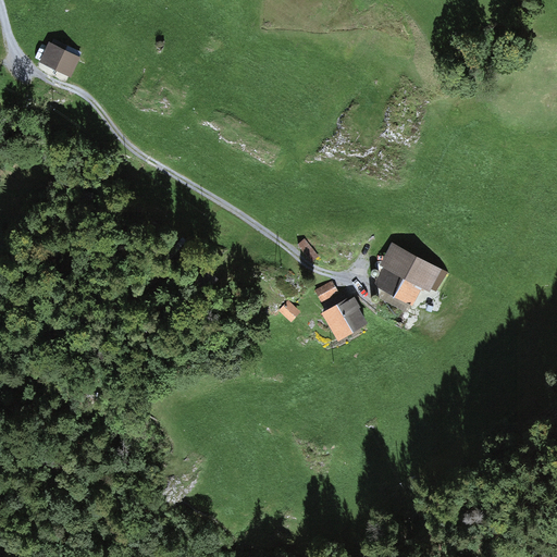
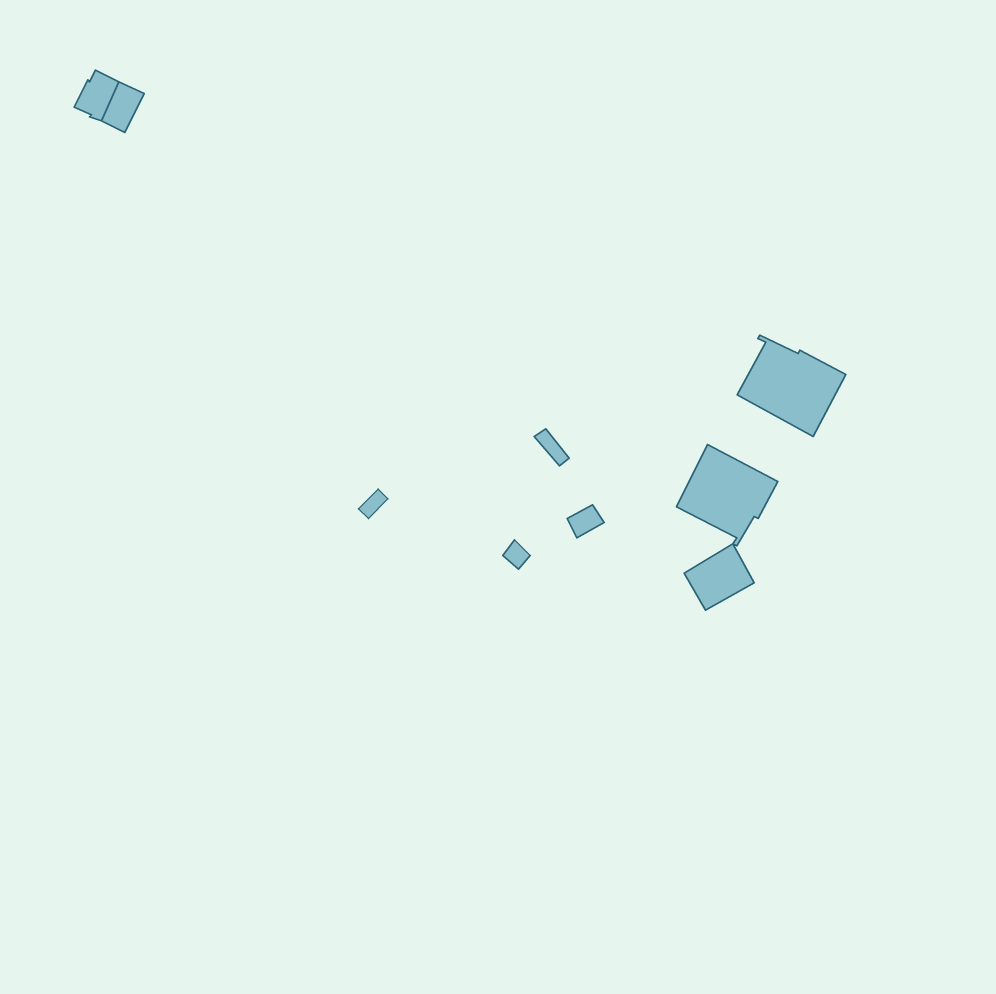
building: none -> [737,335,846,437]
building: [324,299,363,336] -> [684,544,754,610]

